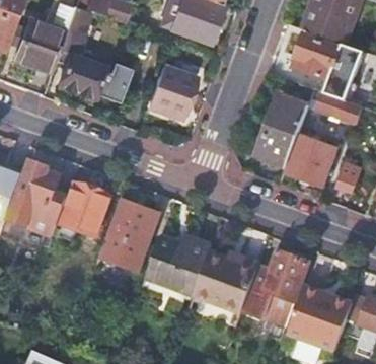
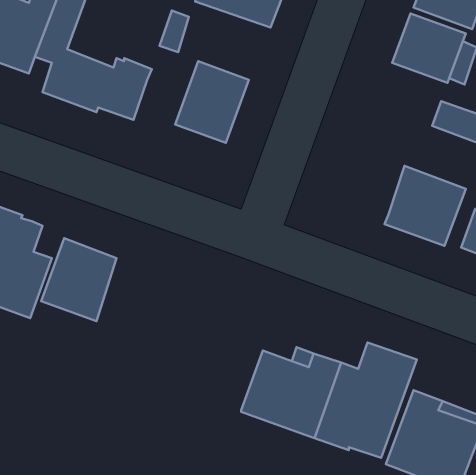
building: [259,95,310,166] -> none
building: [98,200,157,273] -> none
building: [145,236,210,296] -> none

